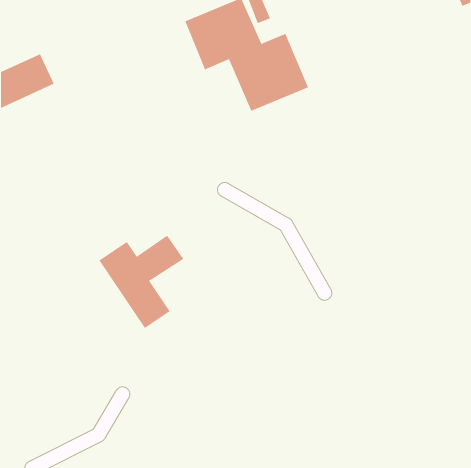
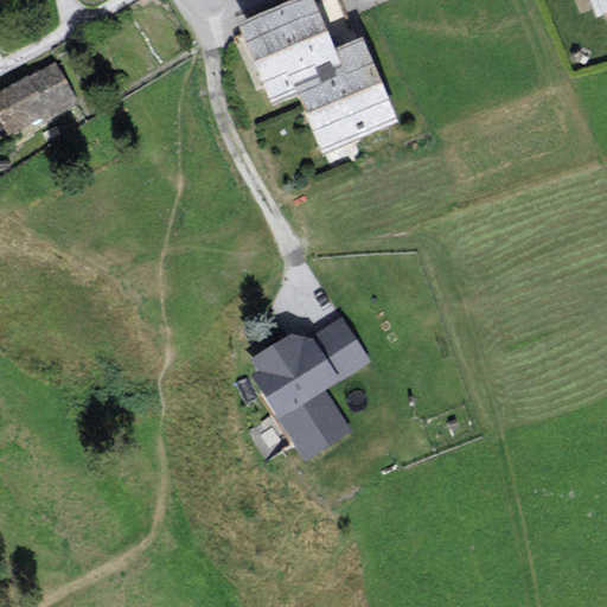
building: [99,235,184,329] -> [250,325,360,446]

